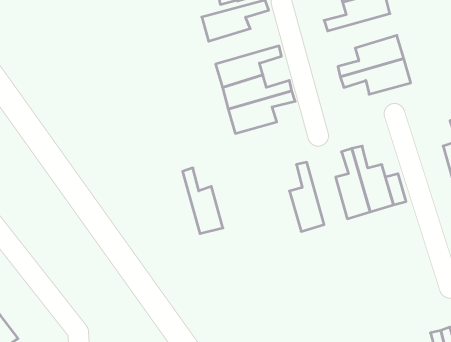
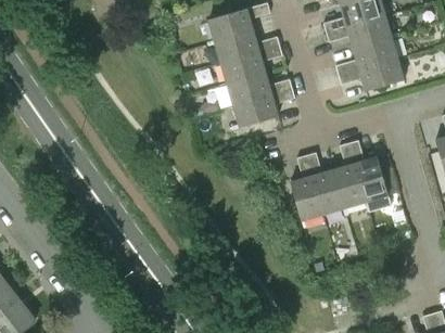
building: none -> [326,15,391,48]
building: none -> [214,29,280,63]
building: [183,168,223,234] -> [306,152,344,214]

